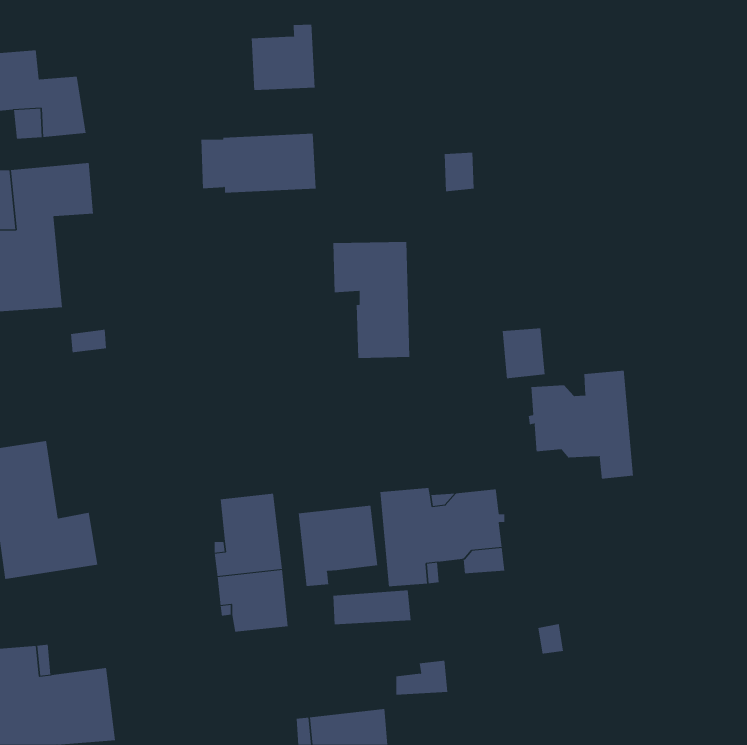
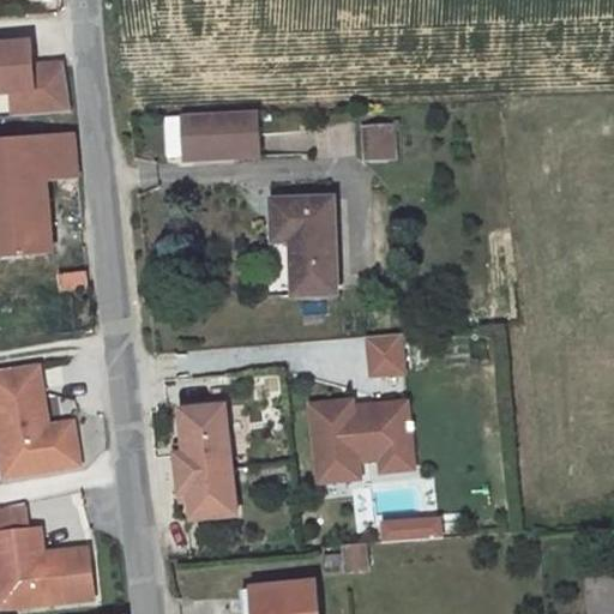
building: [251,24,315,91] -> none
building: [502,328,546,379] -> [367,332,403,374]
building: [528,370,633,480] -> none
building: [298,505,378,587] -> none
building: [332,590,411,625] -> [375,513,440,542]

